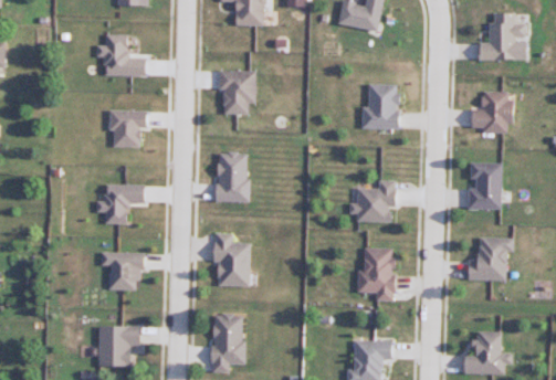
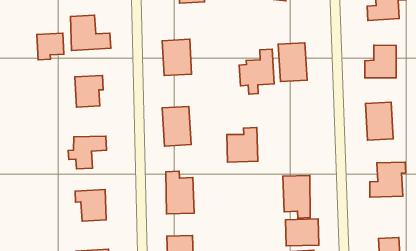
building: none -> [37,33,64,60]
building: none -> [239,49,274,94]
building: [355,181,394,223] -> [227,127,258,162]
building: none -> [285,219,319,246]

